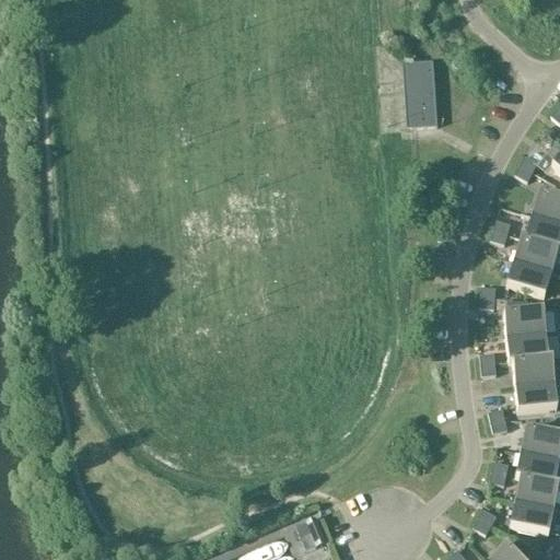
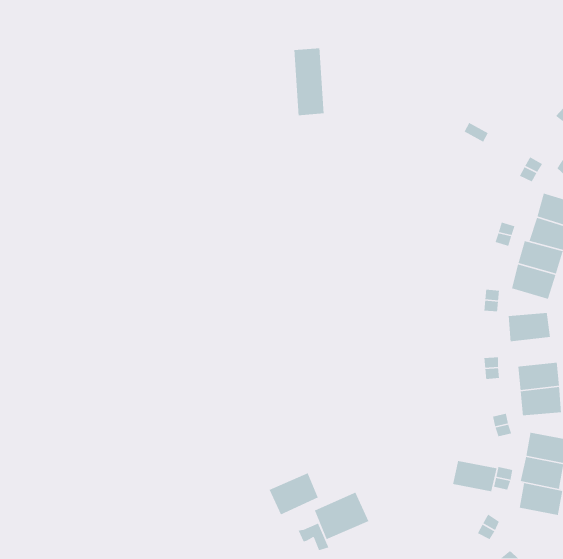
building: [408,59,439,127] -> [294,47,325,116]
building: [506,334,553,362] -> none
building: none -> [268,472,319,516]
building: none -> [314,491,369,540]
building: [510,502,555,534] -> [452,460,497,492]

